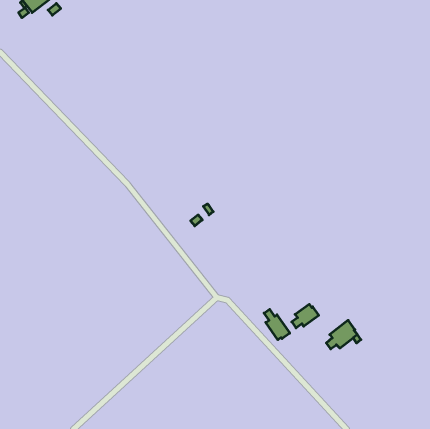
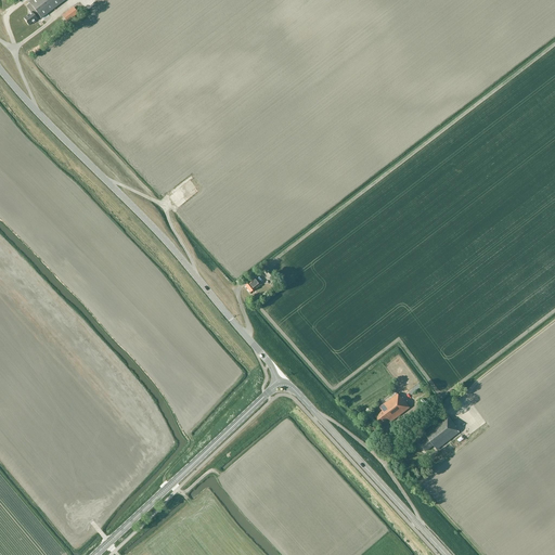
building: [264,309,290,340] -> none

